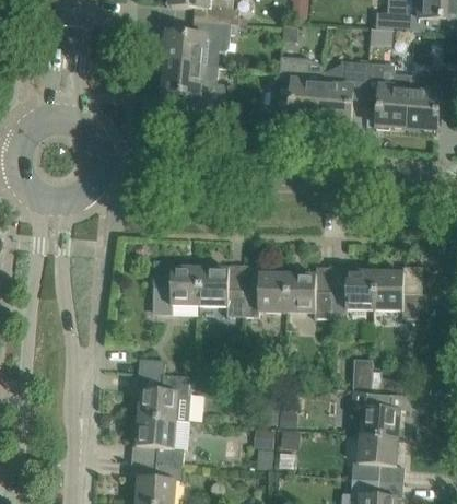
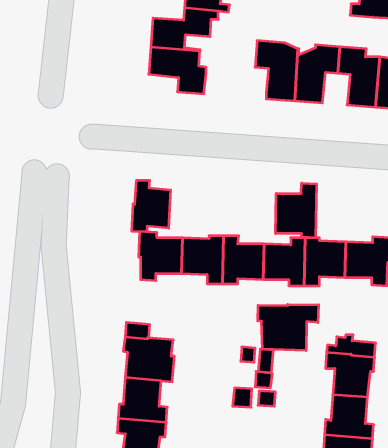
building: none -> [132,180,171,232]
building: none -> [276,183,317,238]
building: none -> [258,304,319,351]

